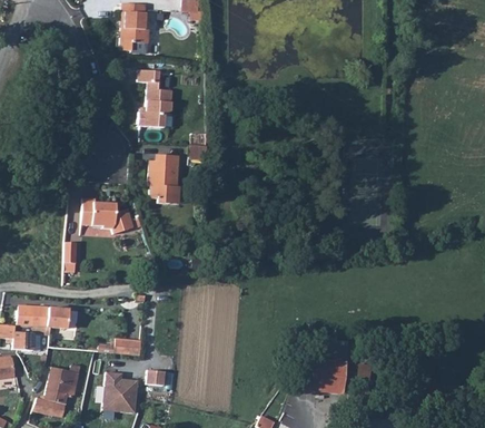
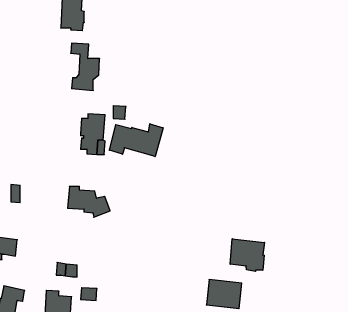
building: none -> [109,124,163,157]
building: [79,198,131,236] -> [68,186,110,217]
building: none -> [230,239,264,271]

